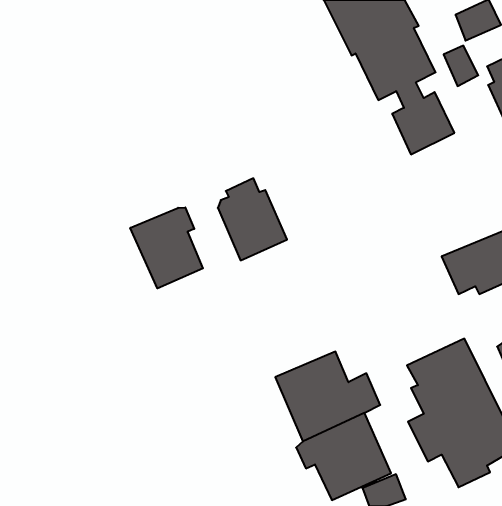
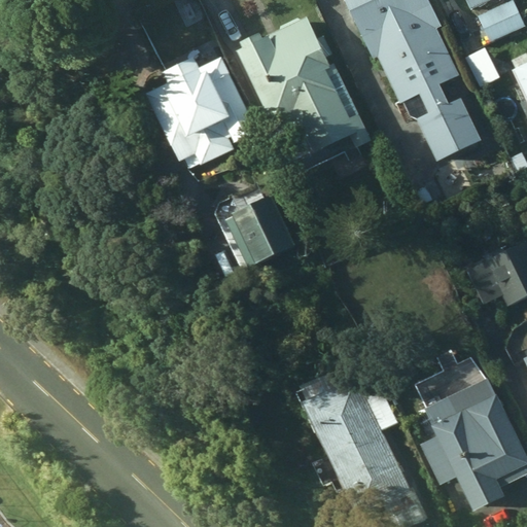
building: none -> [233,16,371,160]
building: none -> [149,54,262,165]
building: [130,207,203,288] -> none

